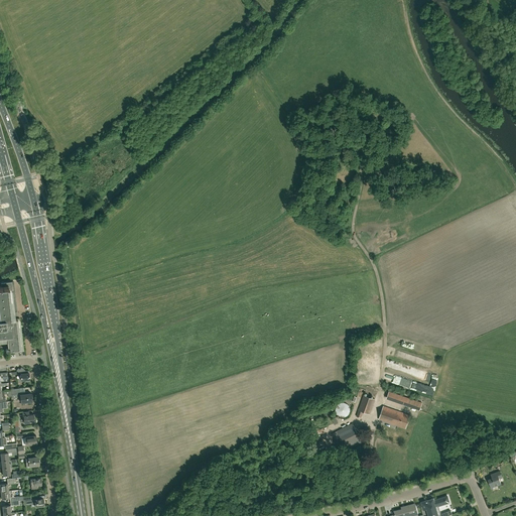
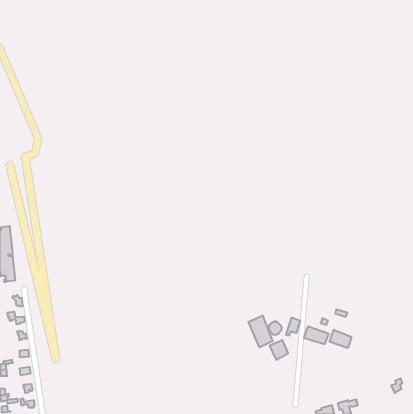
building: none -> [248,315,273,347]
building: none -> [330,330,351,348]

